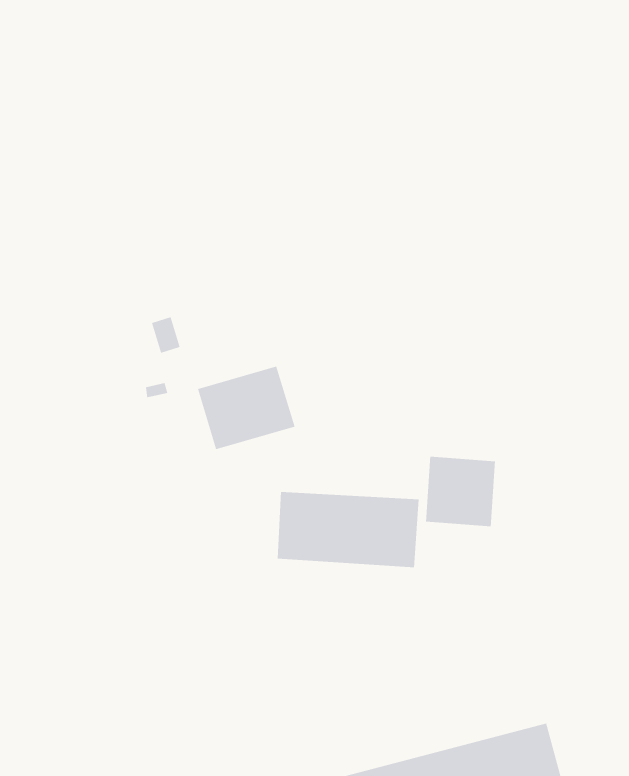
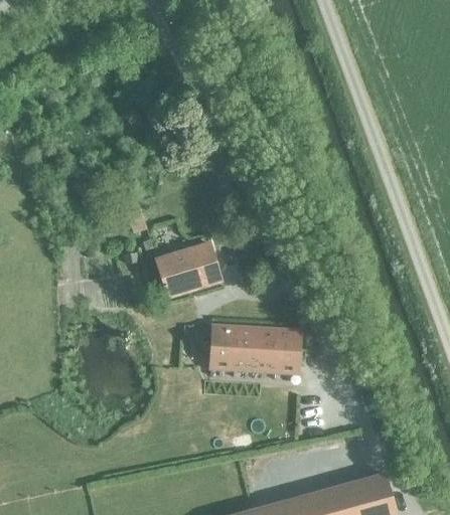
building: [425,456,496,527] -> none

